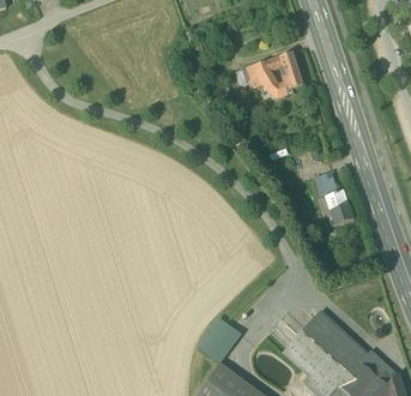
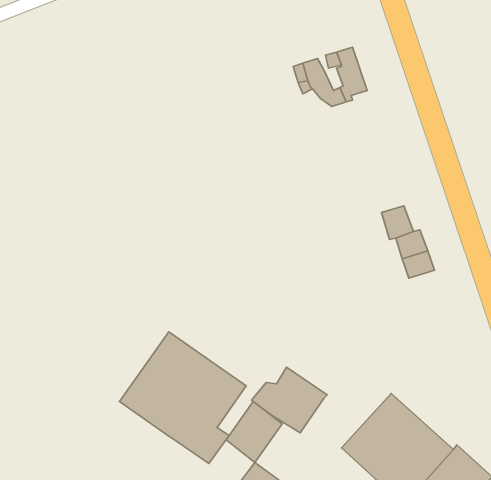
building: none -> [120,332,246,463]
building: none -> [251,367,327,433]

